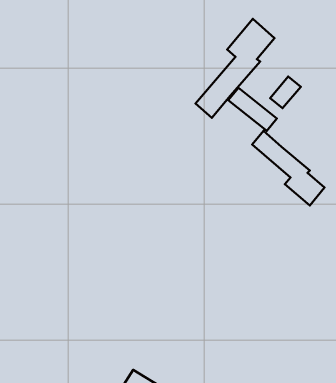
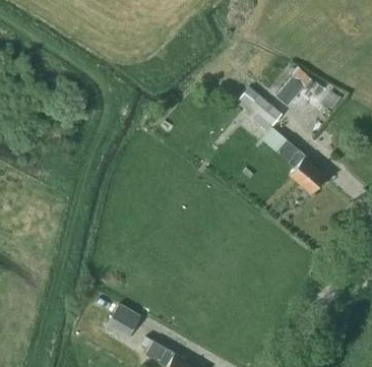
building: [195,19,275,118] -> none
building: none -> [106,306,142,345]

